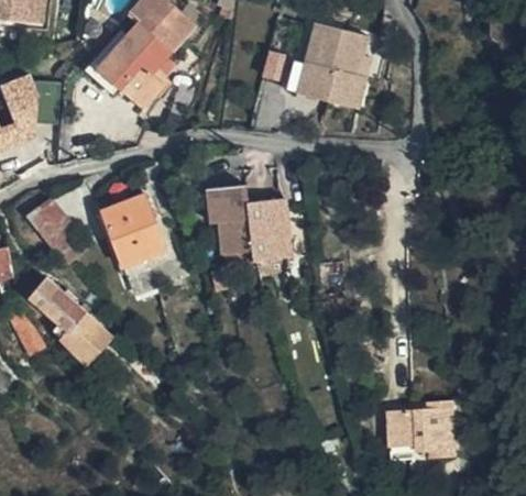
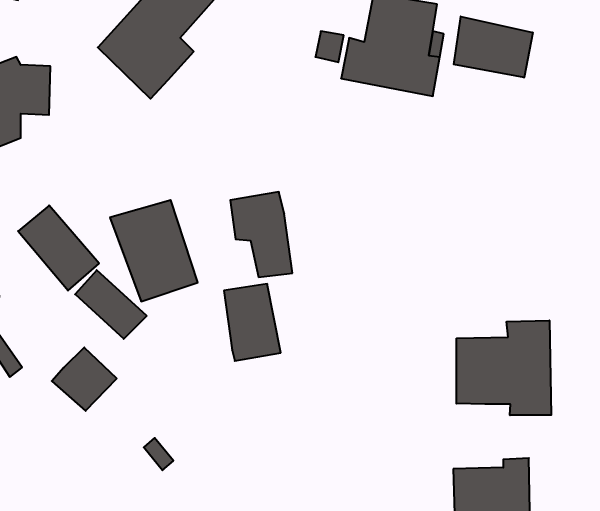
building: none -> [454,16,533,78]
building: [245,198,292,261] -> [224,284,281,361]
building: [26,273,85,329] -> [75,270,147,339]
building: none -> [456,320,551,415]

